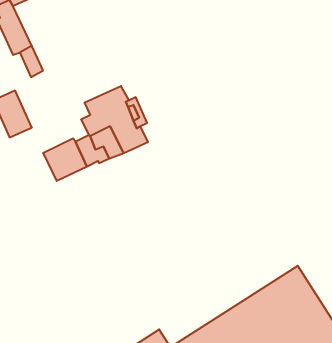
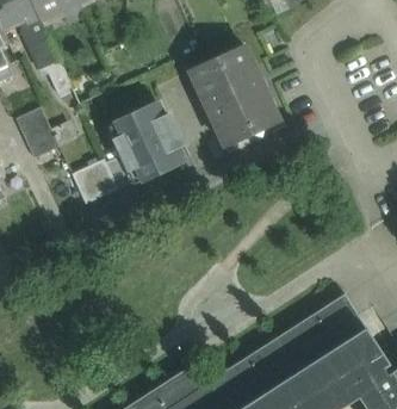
building: none -> [191,47,279,148]

